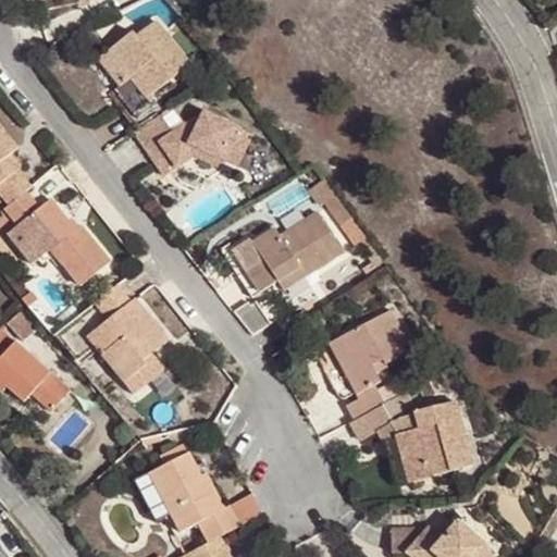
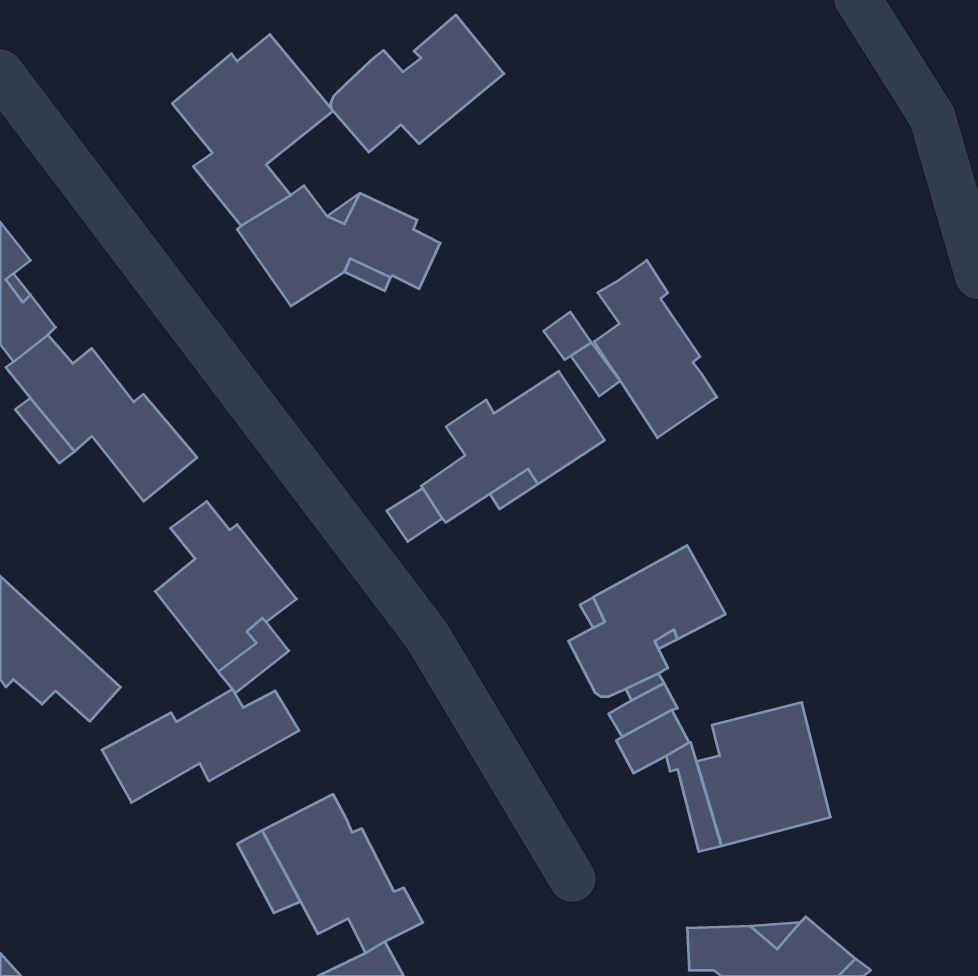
building: none -> [331,15,504,152]
building: none -> [594,260,717,438]
building: none -> [102,689,299,803]

